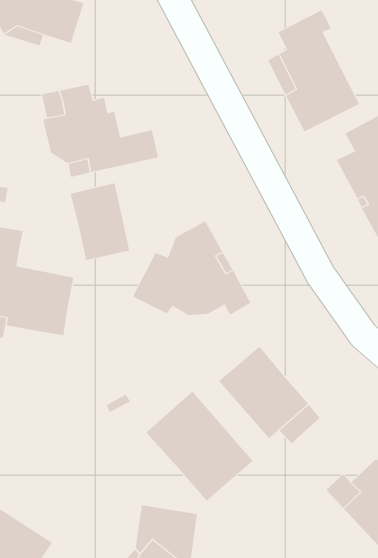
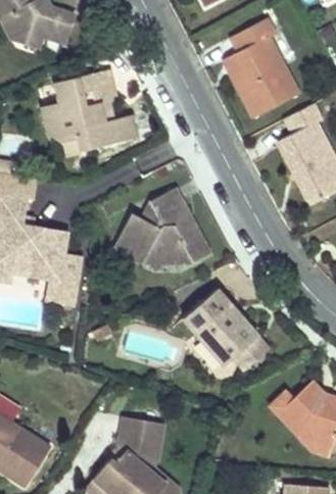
building: none -> [80,70,115,120]
building: [70,183,130,261] -> none
building: none -> [42,260,77,305]
building: [146,391,254,502] -> none

